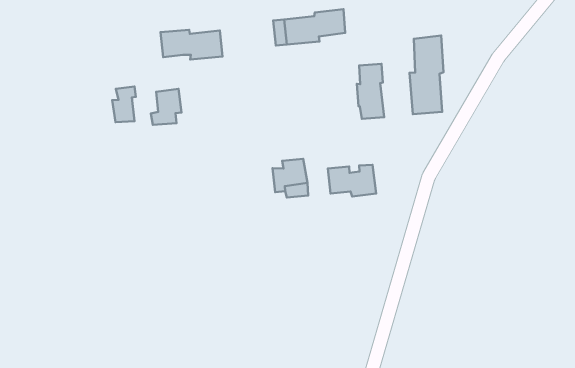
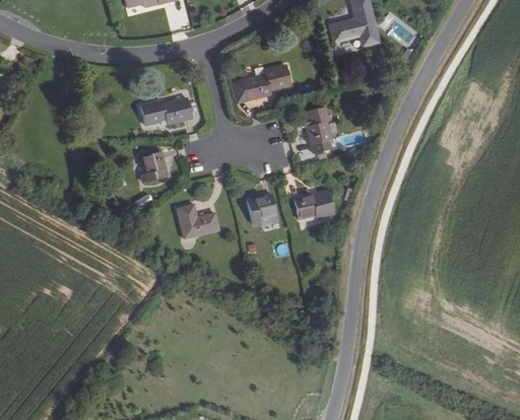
building: [409,36,443,114] -> none
building: [112,86,136,122] -> none
building: none -> [177,204,218,237]

